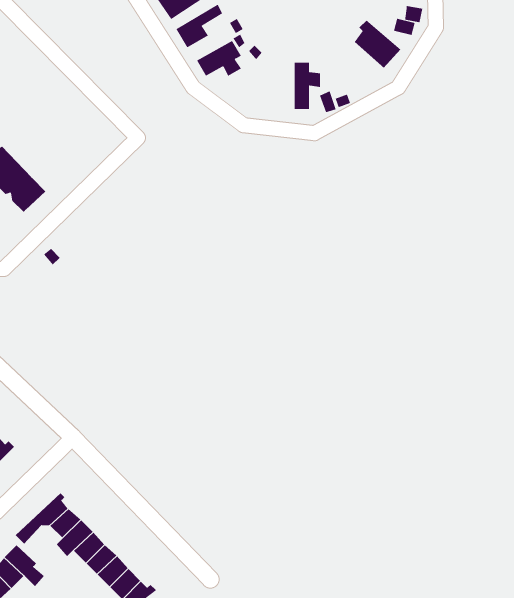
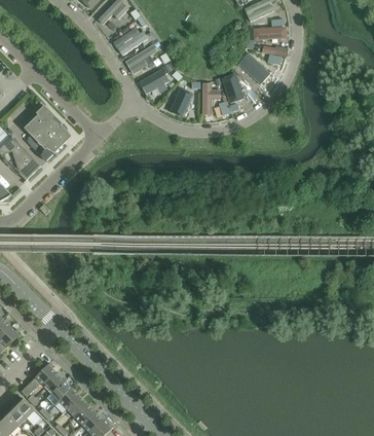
building: none -> [223,72,245,101]
building: none -> [170,85,193,116]
building: none -> [24,104,68,157]

